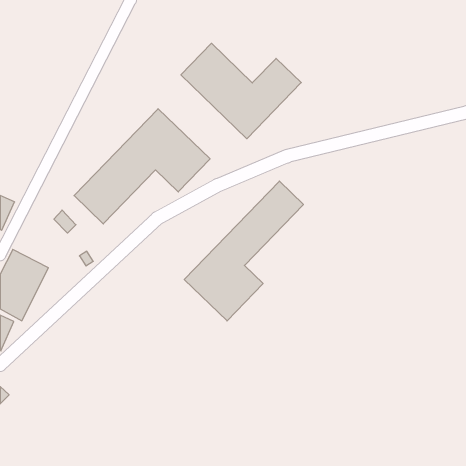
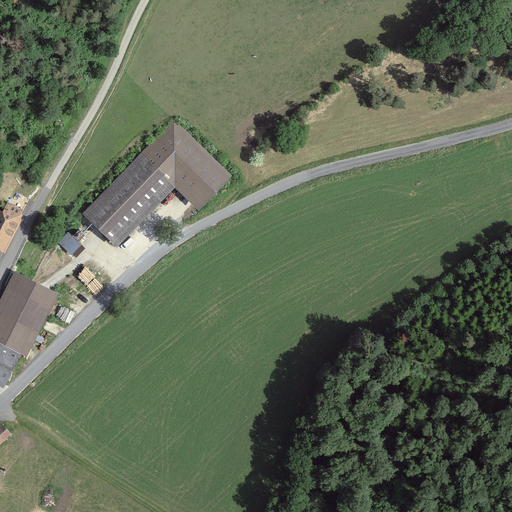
building: [181,43,301,139] -> none
building: [184,181,303,321] -> none

